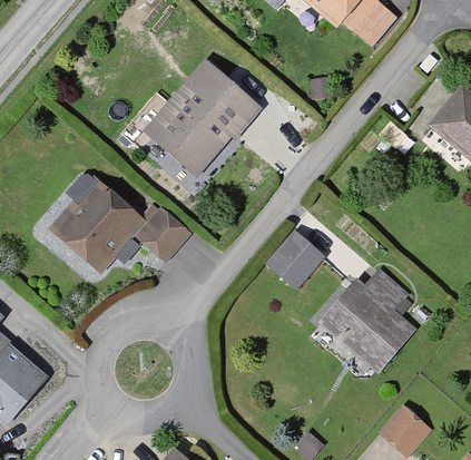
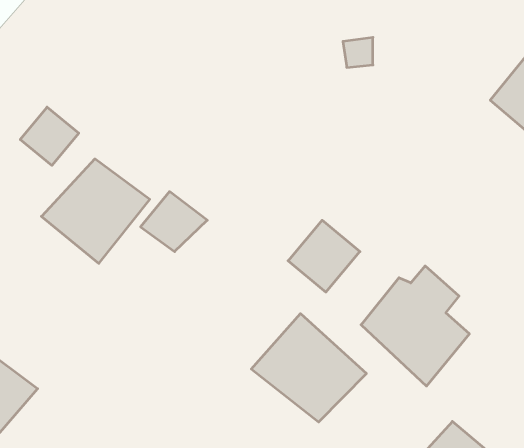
building: [146,58,265,177] -> none
building: none -> [20,107,79,165]
building: none -> [251,314,366,422]

